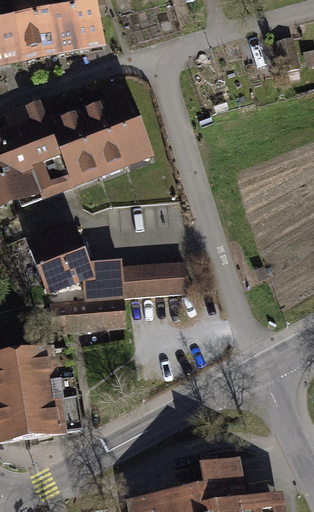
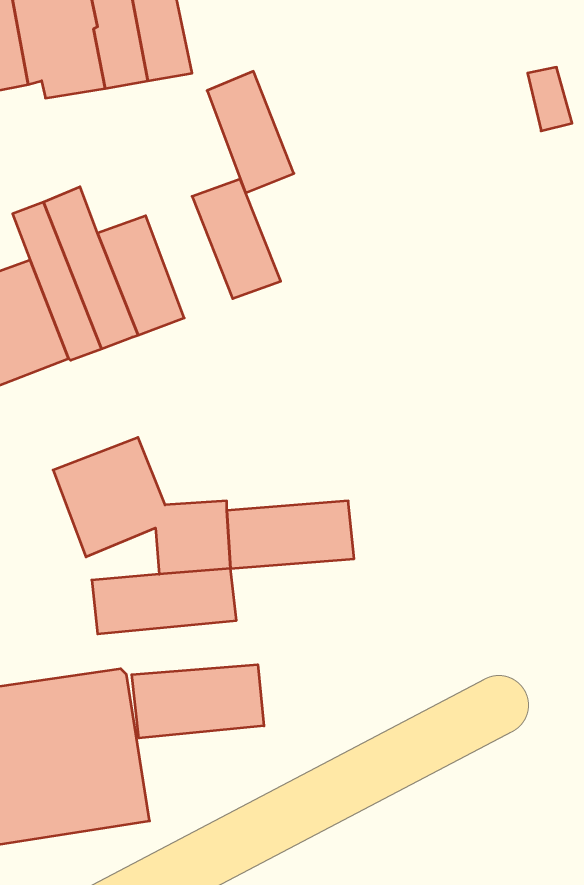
building: [78,105,123,168] -> [207,71,294,193]
building: none -> [132,665,264,738]

